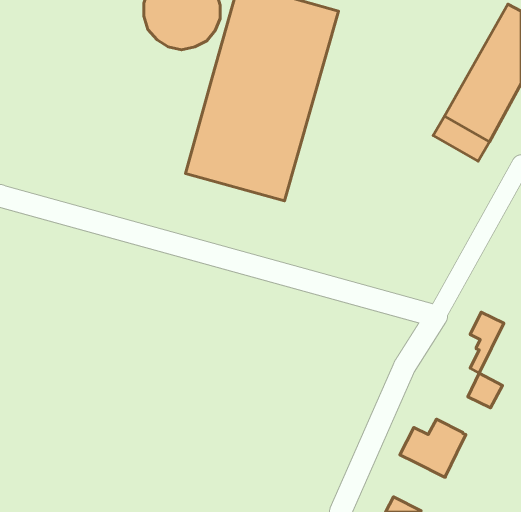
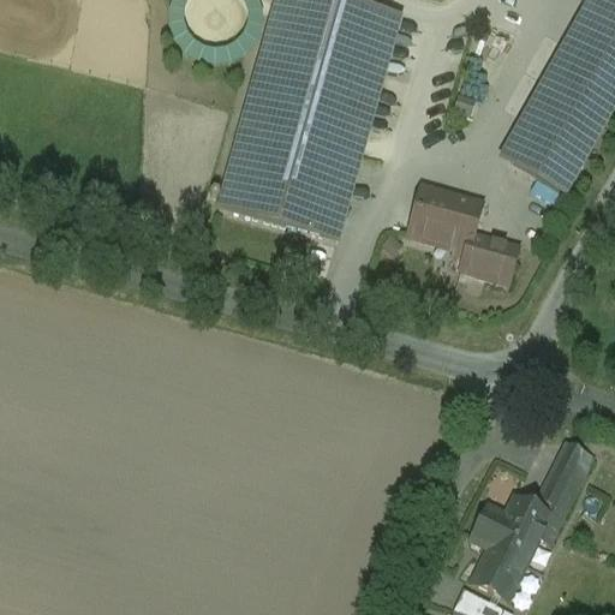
building: none -> [407,184,518,281]
building: [470,312,504,373] -> [538,467,578,539]
building: none -> [472,544,524,597]

